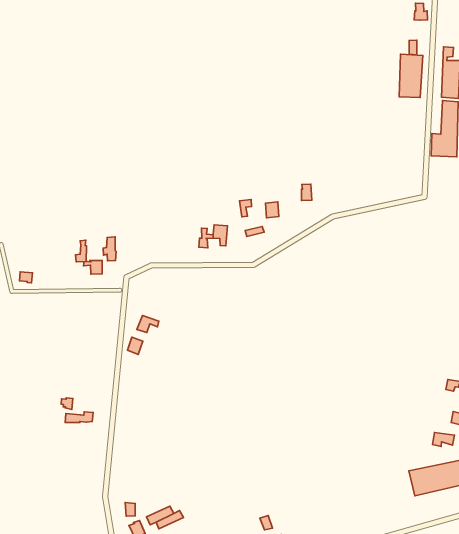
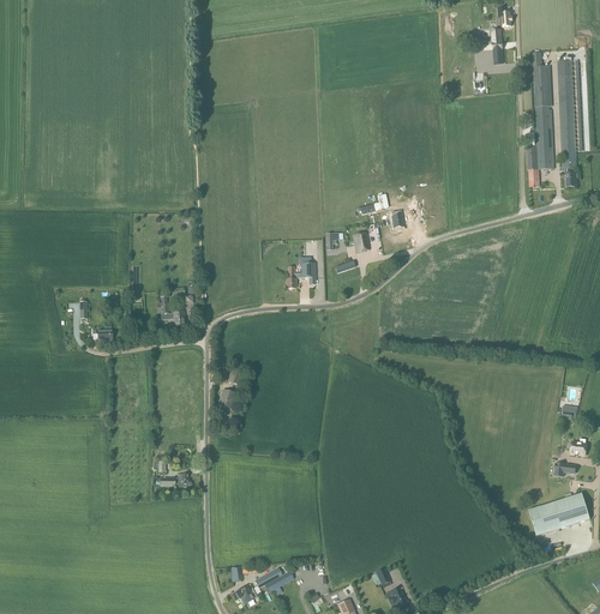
building: [399,54,423,97] -> none

